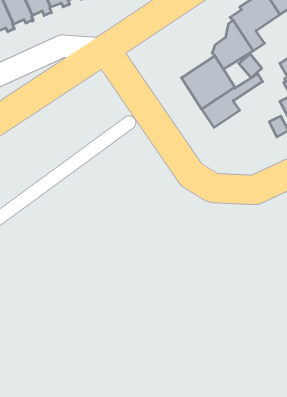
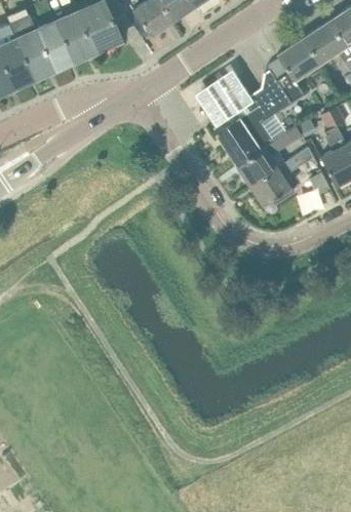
building: none -> [195,70,250,126]
building: none -> [249,148,314,206]

